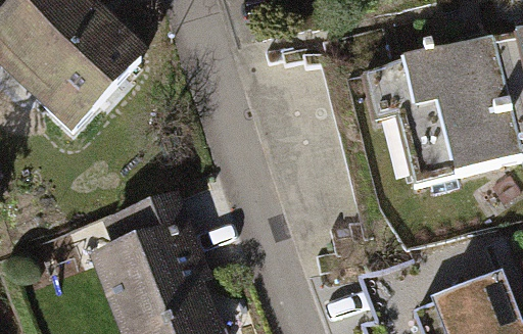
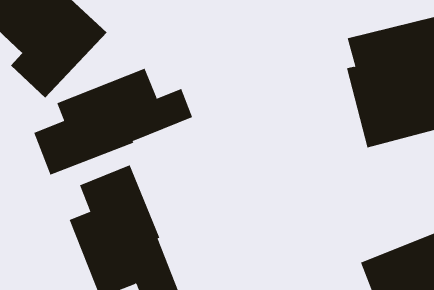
building: none -> [34,68,193,176]

